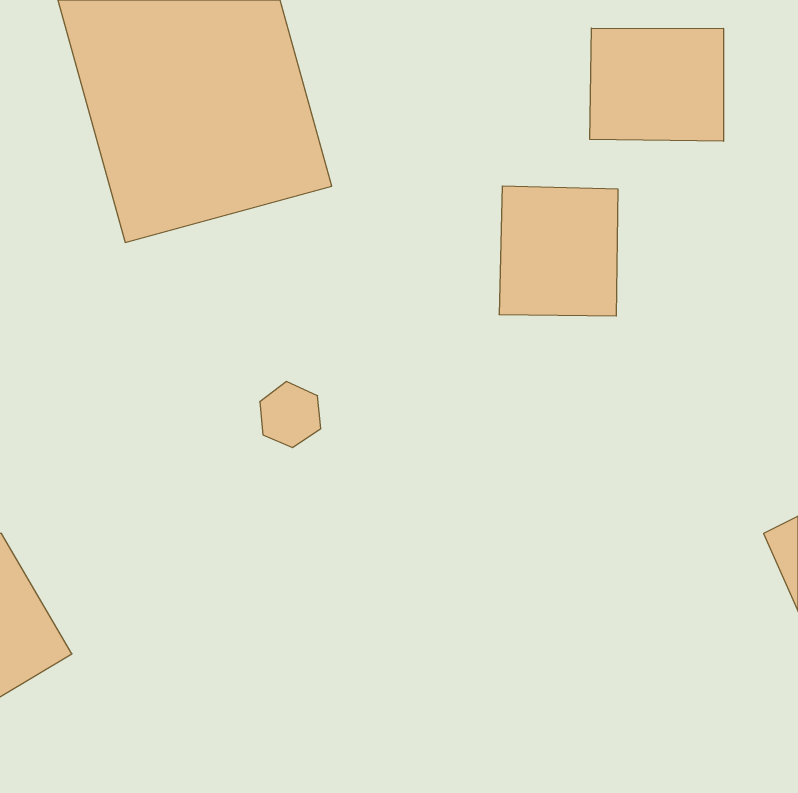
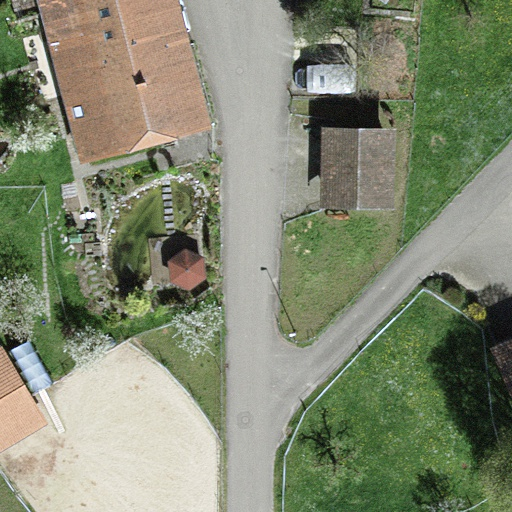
building: [590,28,724,141] -> none

